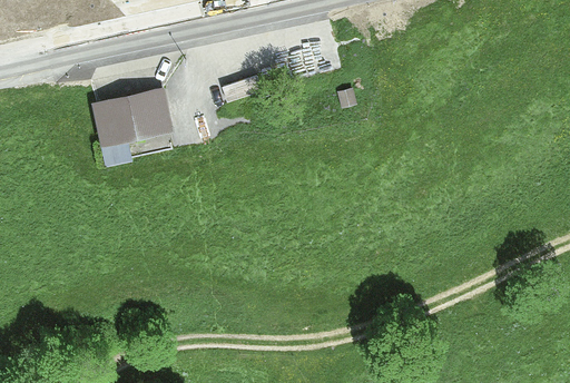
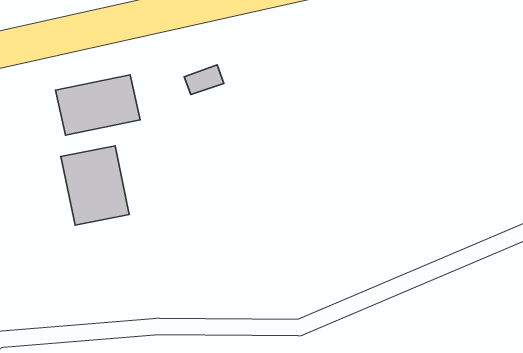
building: none -> [61,146,129,225]

